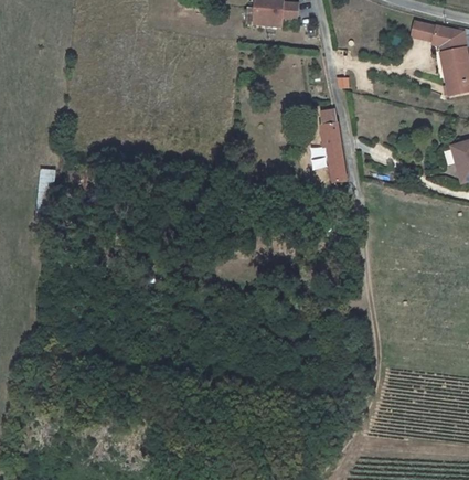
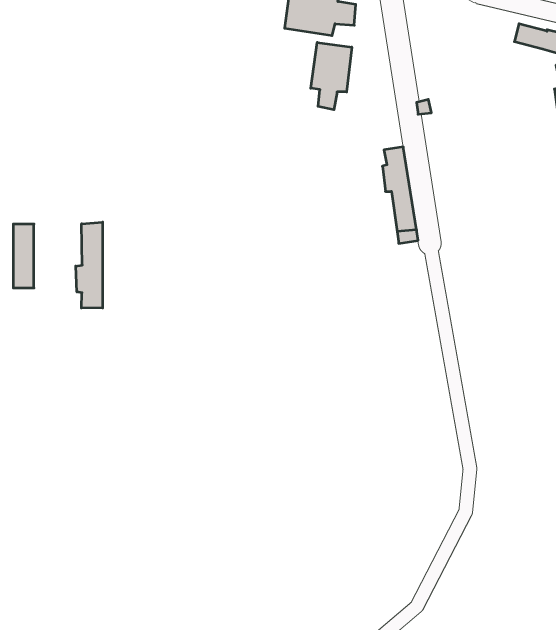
building: none -> [311,42,352,110]
building: none -> [76,222,103,308]

